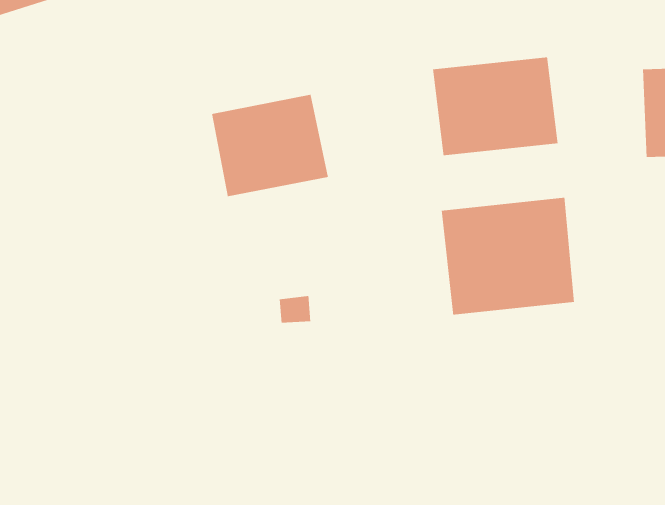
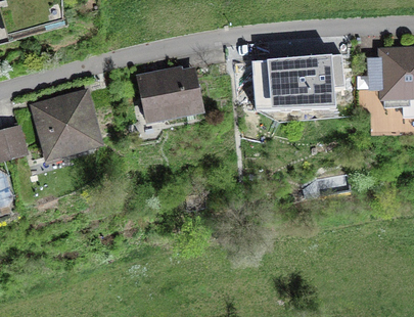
building: none -> [31,90,104,163]
building: [441,197,575,315] -> none

